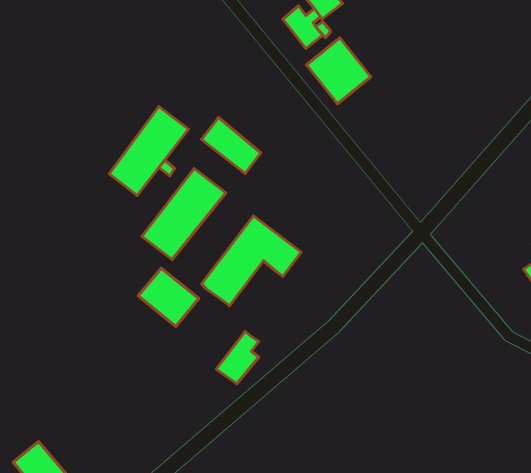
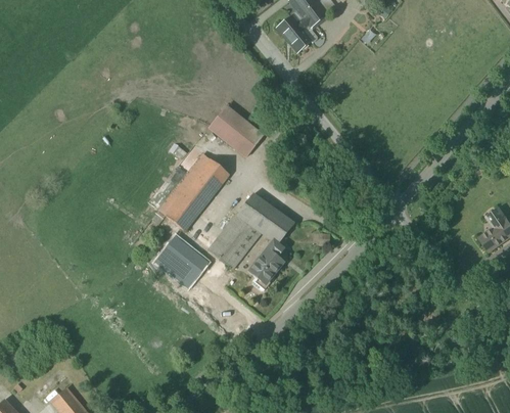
building: [306,38,371,104] -> none
building: [109,107,188,195] -> none
building: [216,332,259,384] -> [247,239,283,283]

